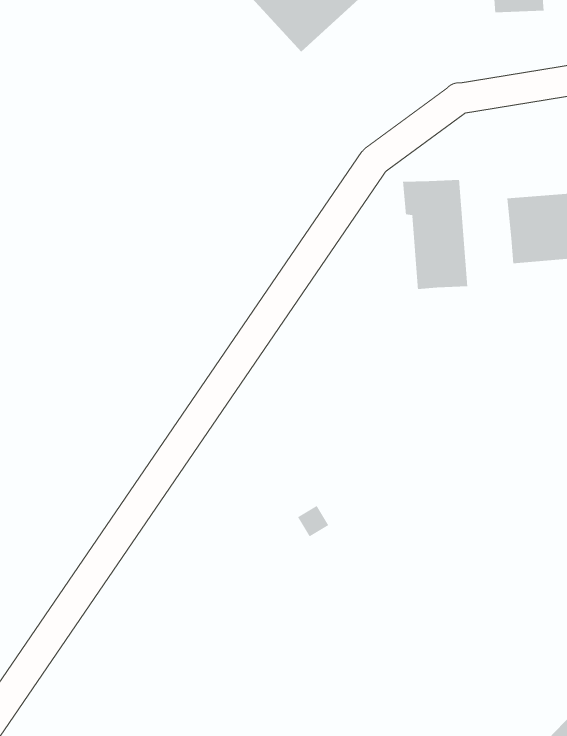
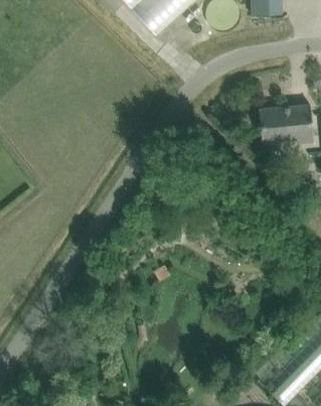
building: [403,179,468,290] -> none

